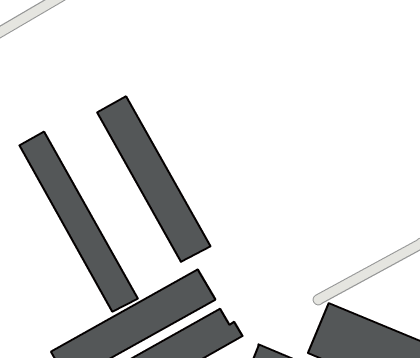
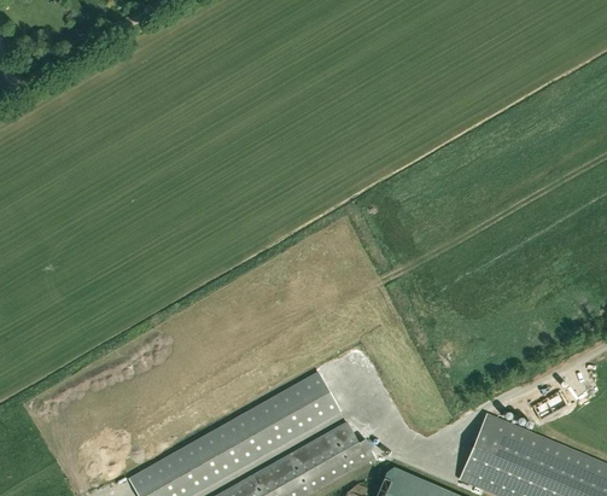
building: [97,96,210,262] -> none
building: [19,132,138,312] -> none

